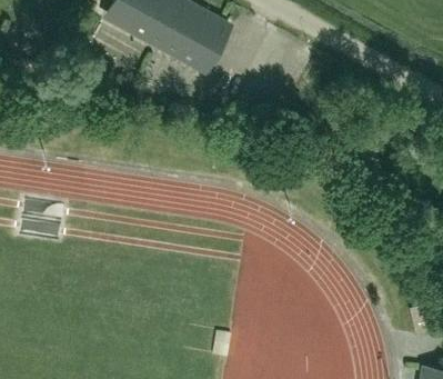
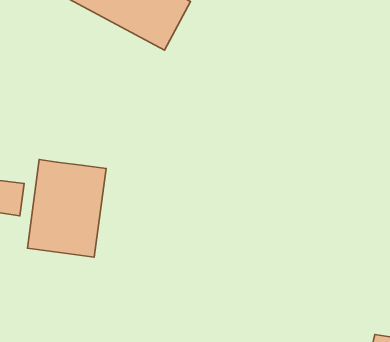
building: none -> [27,159,106,257]

